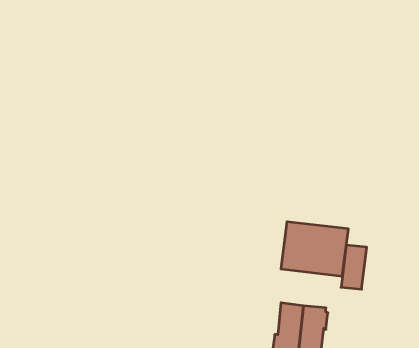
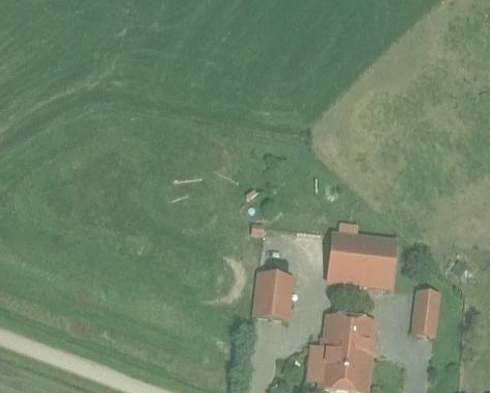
building: [341,245,367,289] -> [413,290,439,335]
building: none -> [254,271,293,317]

